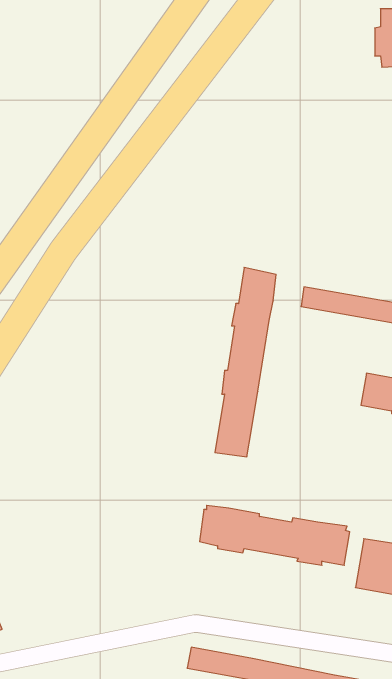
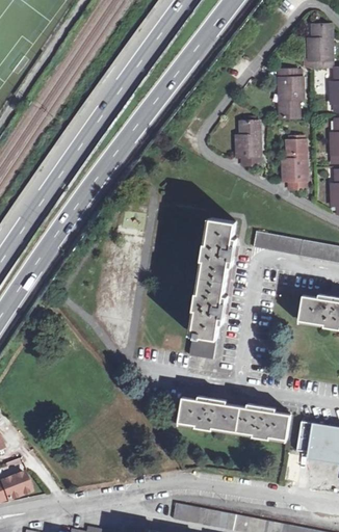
building: none -> [280,68,304,116]
building: none -> [234,119,259,164]
building: none -> [282,139,306,187]

